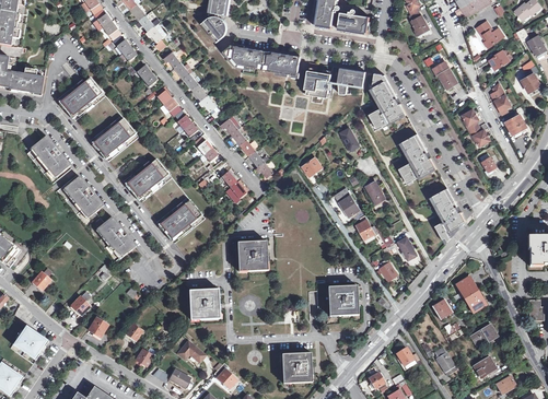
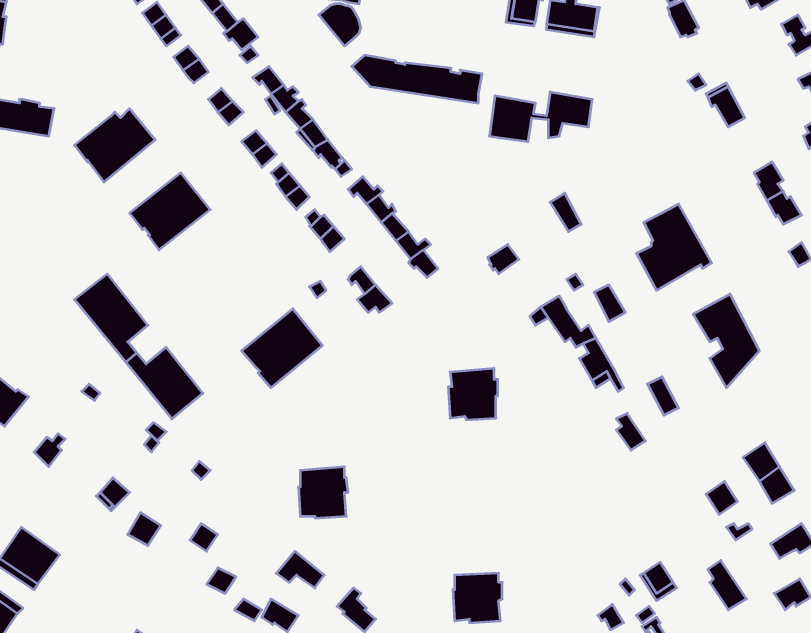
building: [361,72,406,130] -> none
building: [26,138,71,184] -> none
building: [124,159,172,202] -> none
building: [238,242,268,272] -> [448,368,498,420]
building: [329,287,359,317] -> none

